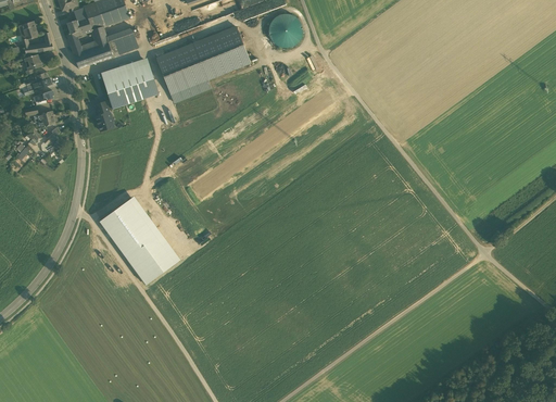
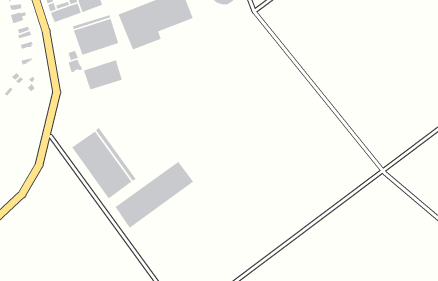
building: none -> [83,59,123,91]
building: none -> [115,161,194,229]

